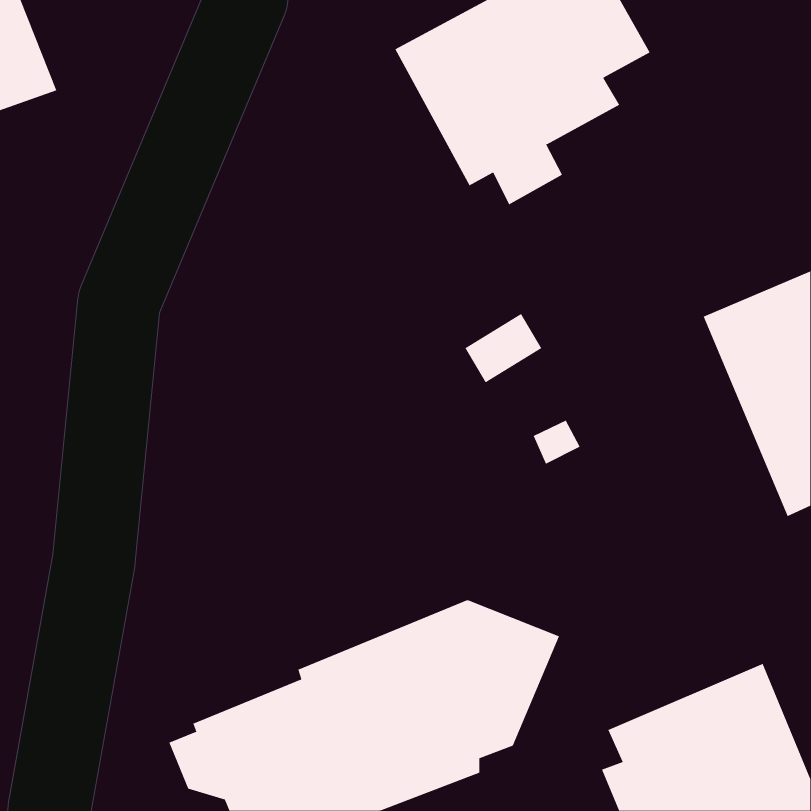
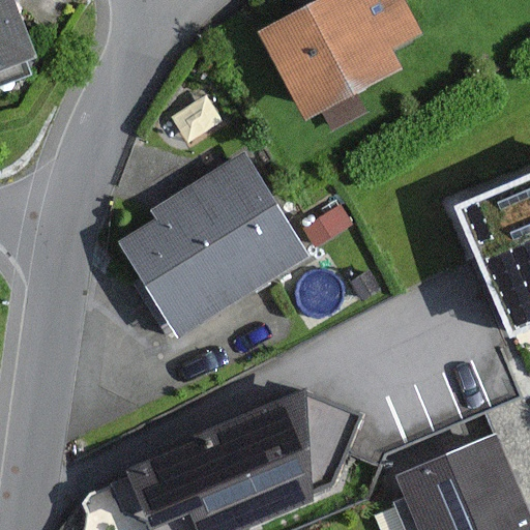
building: none -> [118,150,312,341]

